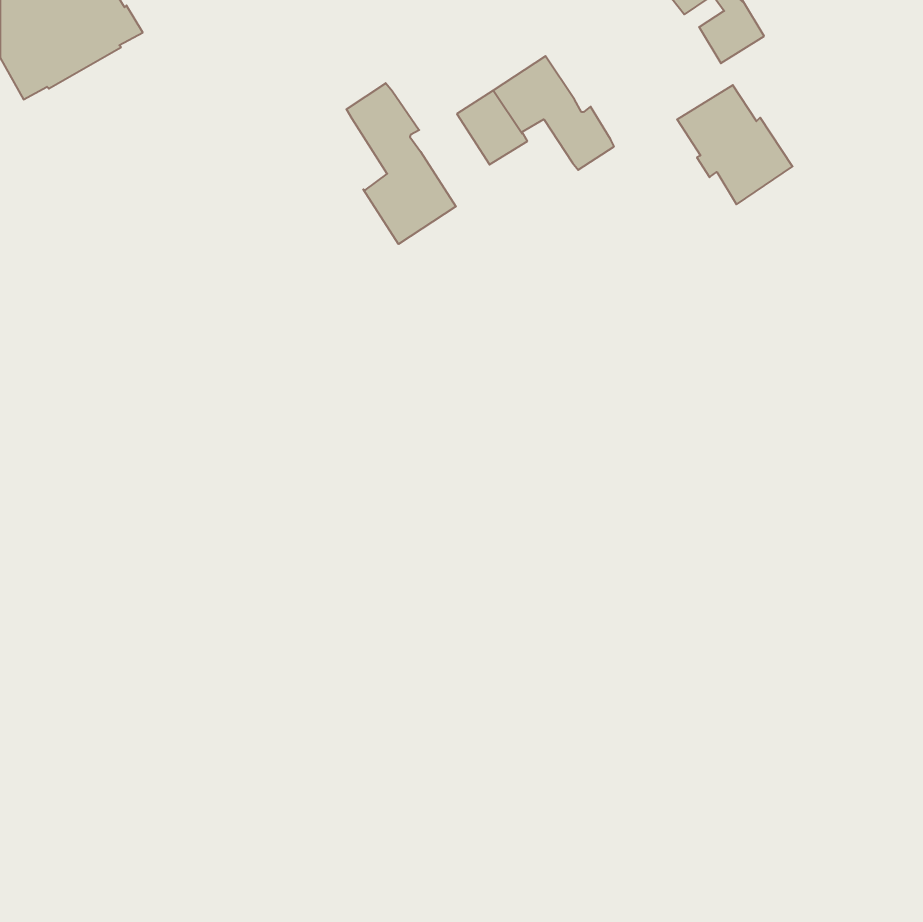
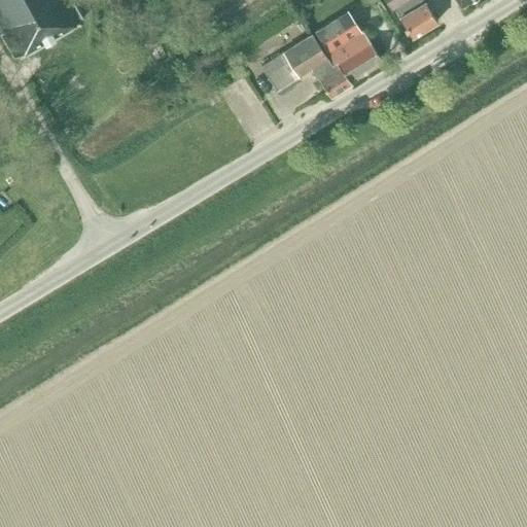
building: [346,83,456,244] -> none
building: [677,85,793,204] -> [314,11,380,79]

